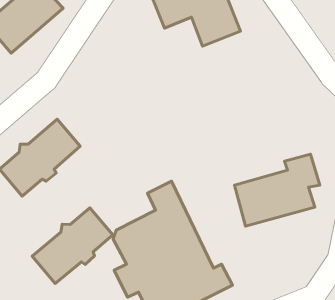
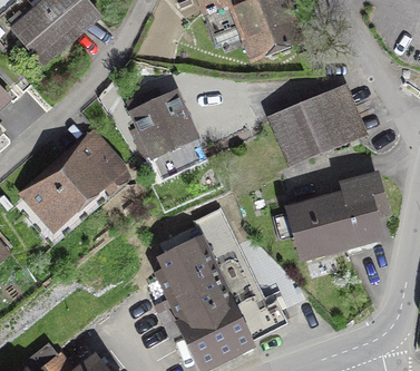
building: none -> [127,91,205,178]
building: none -> [271,92,349,164]
building: [32,208,113,283] -> none

